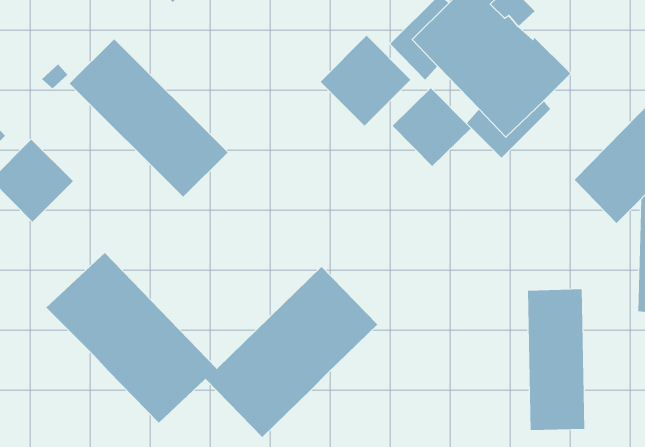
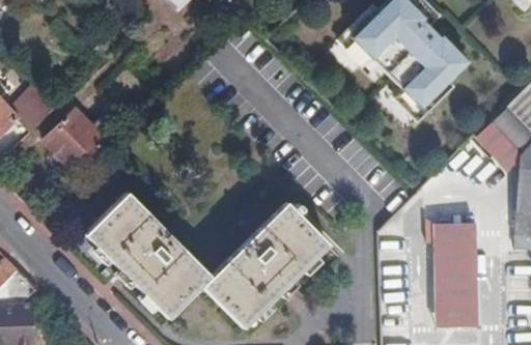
building: [320,35,411,126] -> none
building: [69,38,229,198] -> none
building: [392,87,471,167] -> none

